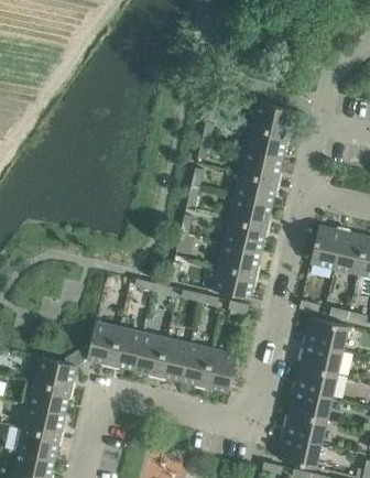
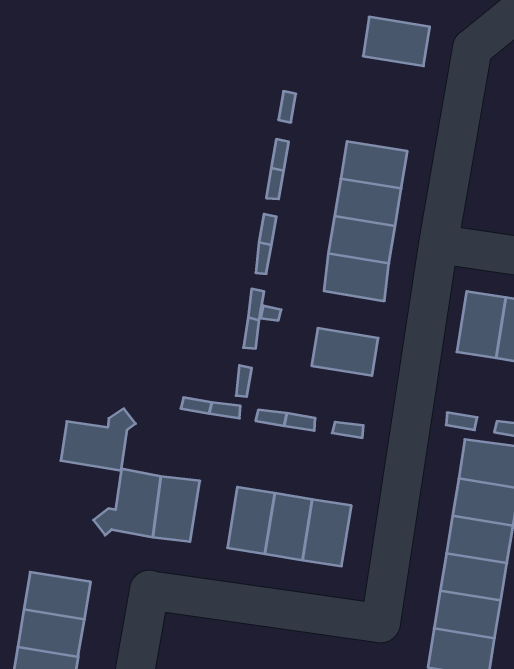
building: [251,102,294,135] -> [363,17,430,66]
building: [225,219,266,251] -> none
building: [214,265,257,300] -> none
building: [135,333,167,376] -> none
building: [34,352,83,391] -> [61,409,136,470]

